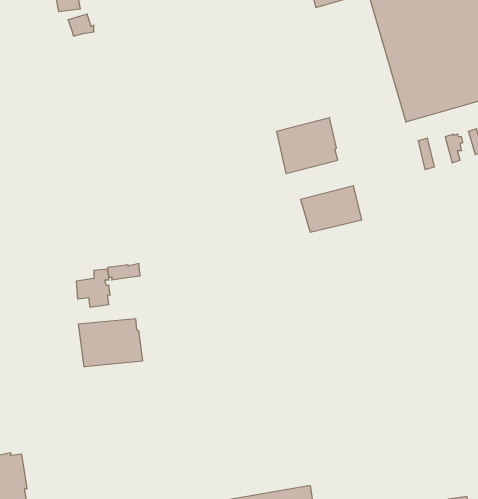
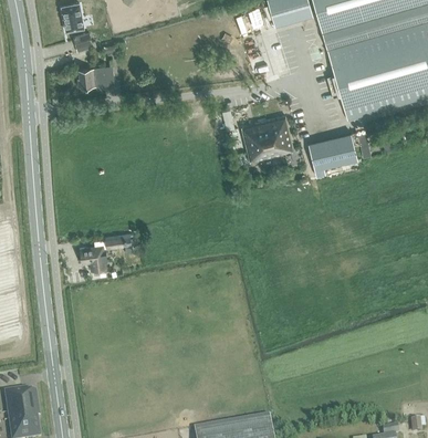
building: none -> [76,66,114,91]
building: [301,186,362,232] -> [307,133,357,170]
building: [79,319,142,367] -> none

